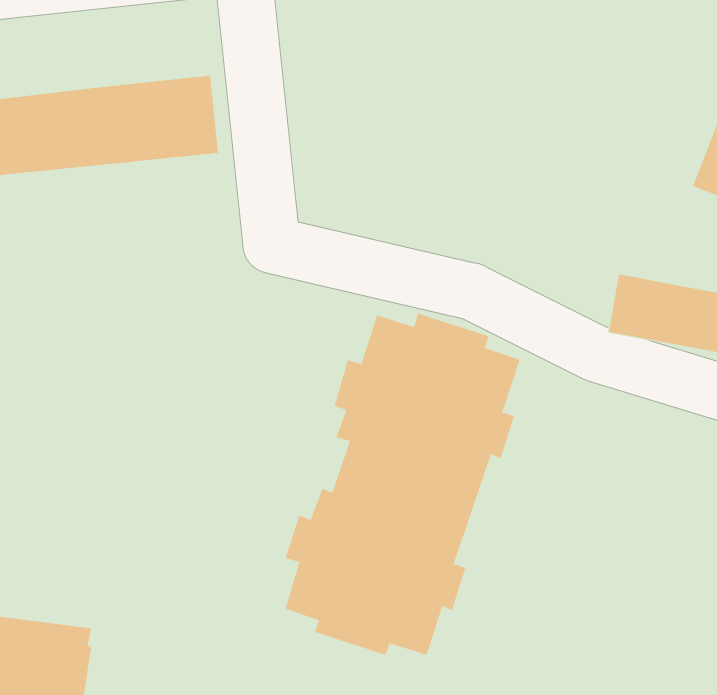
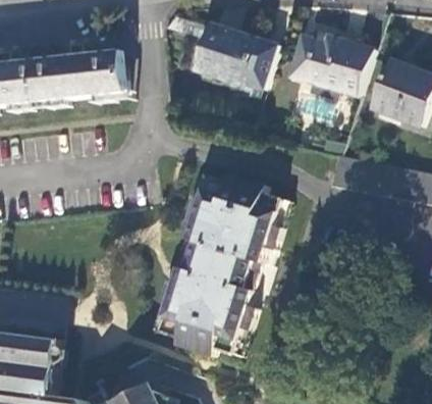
building: none -> [198,24,281,91]
building: none -> [292,36,374,95]

